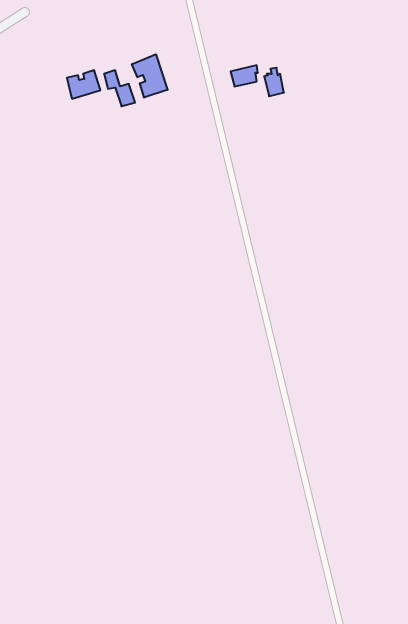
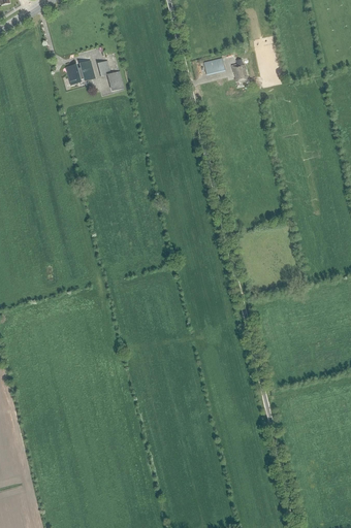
building: [132,54,168,98] -> none

